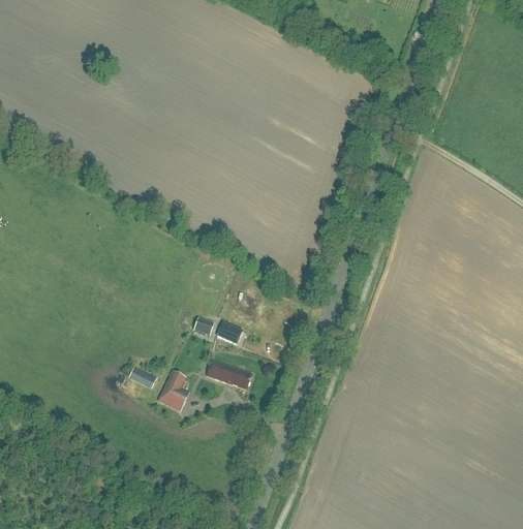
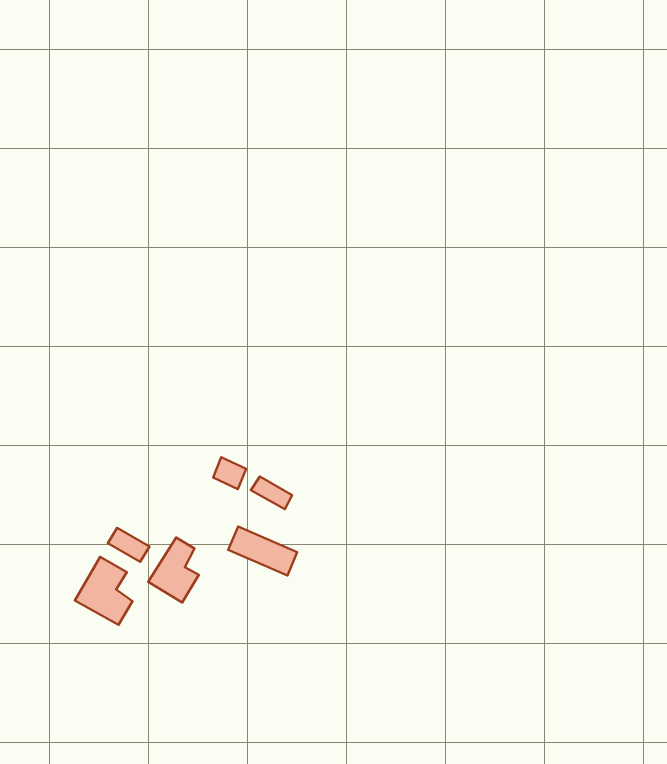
building: none -> [75,557,132,625]

